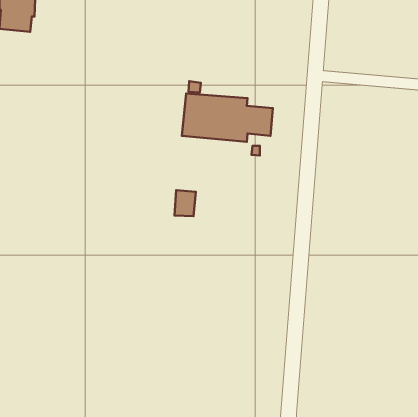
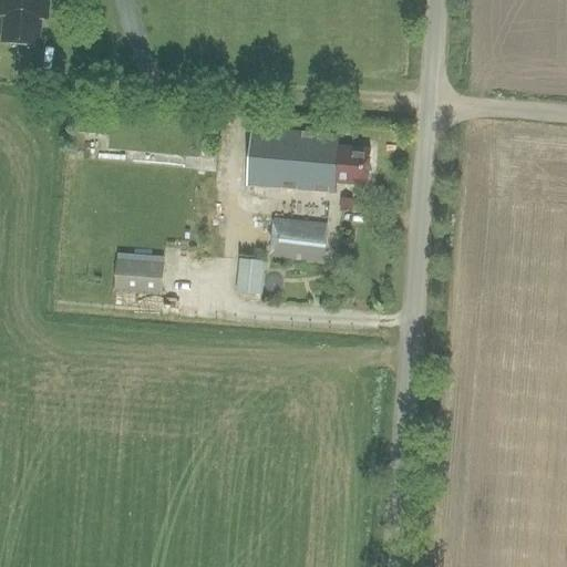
building: none -> [271,217,327,261]
building: none -> [114,258,163,292]

